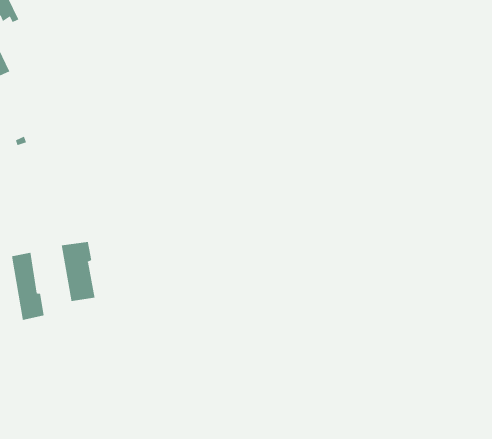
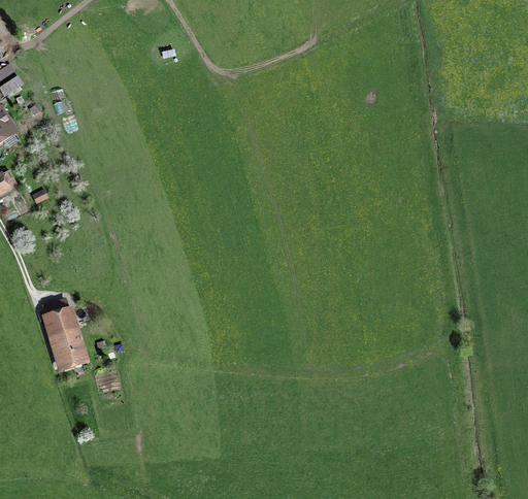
building: [61,241,95,302] -> none

